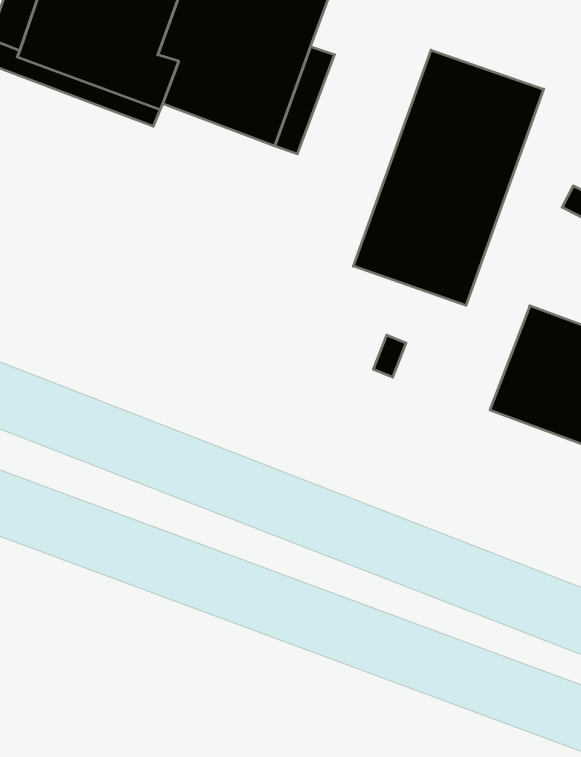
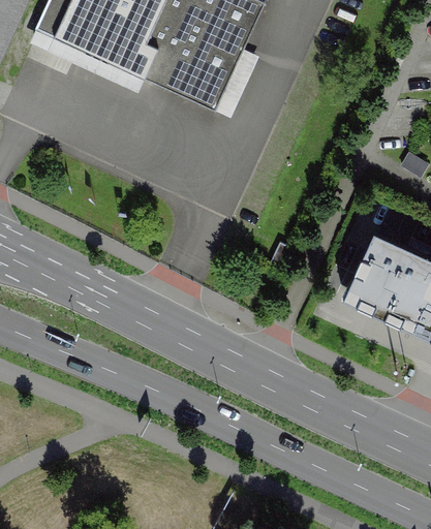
building: [353,50,544,305] -> none

